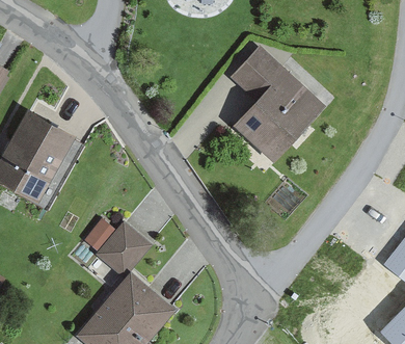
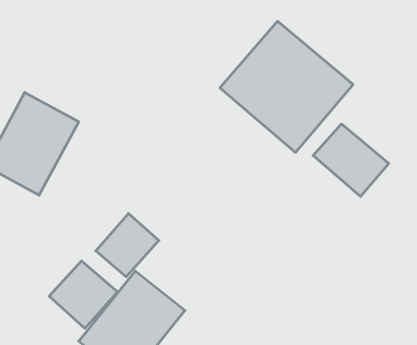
building: none -> [313,124,389,196]
building: none -> [49,261,117,328]

